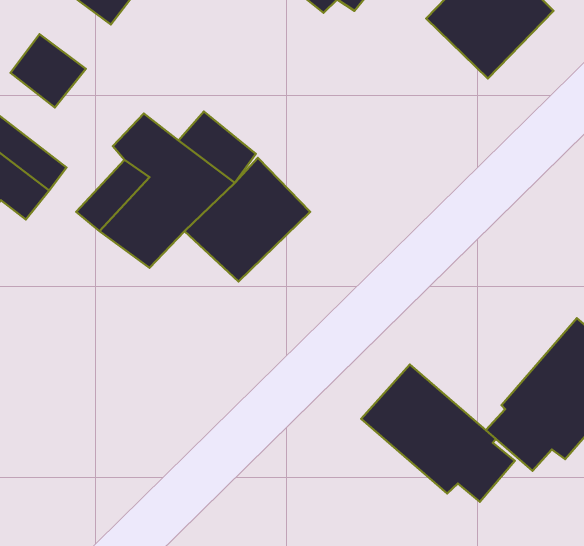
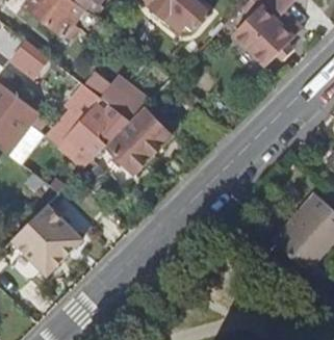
building: none -> [11,206,82,277]
building: [361,364,515,502] -> none

